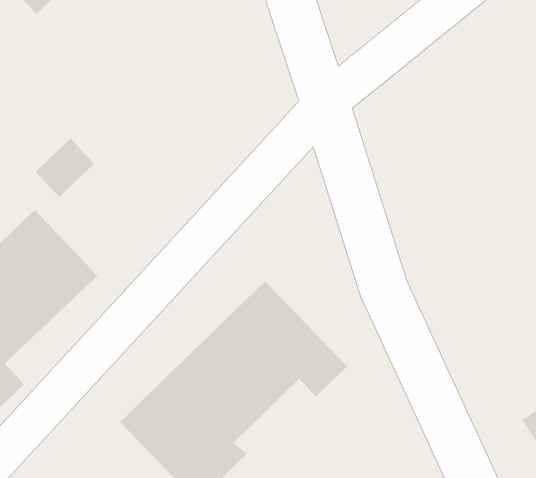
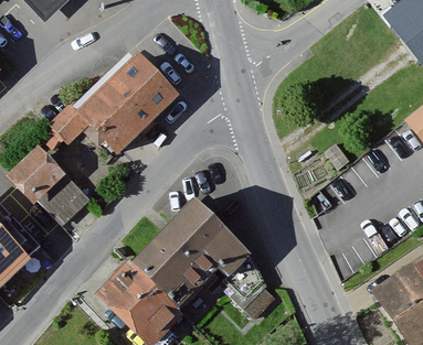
building: none -> [83,57,173,147]

